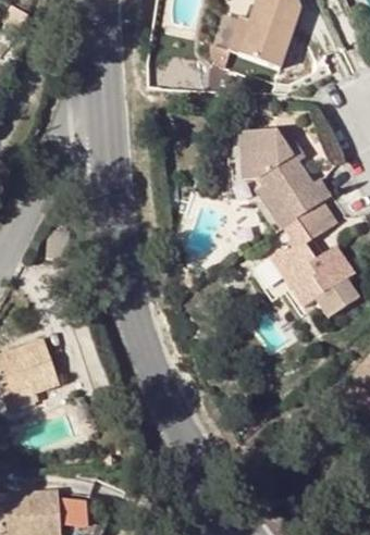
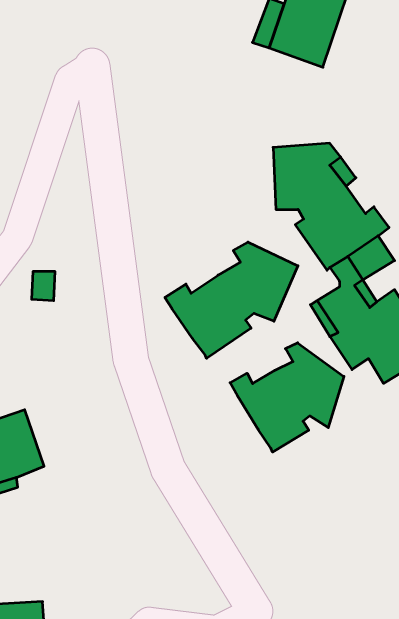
building: none -> [165,242,298,358]
building: none -> [230,343,344,452]

